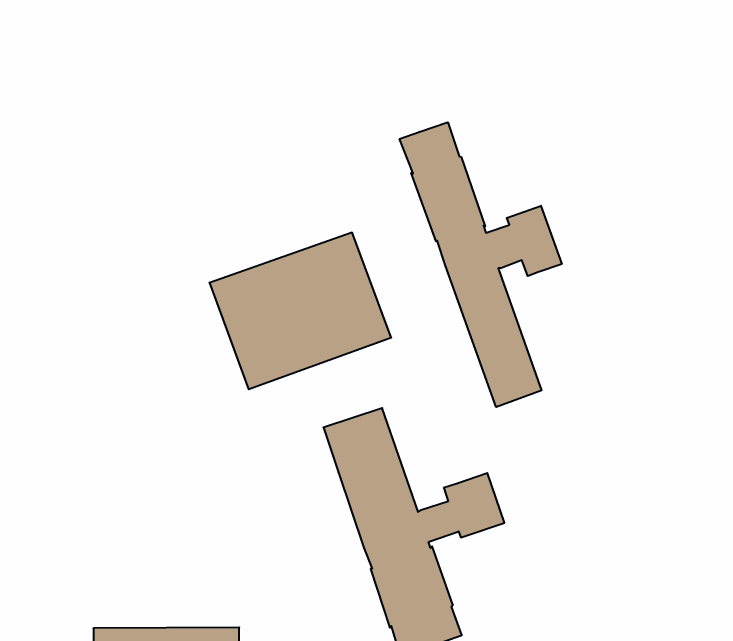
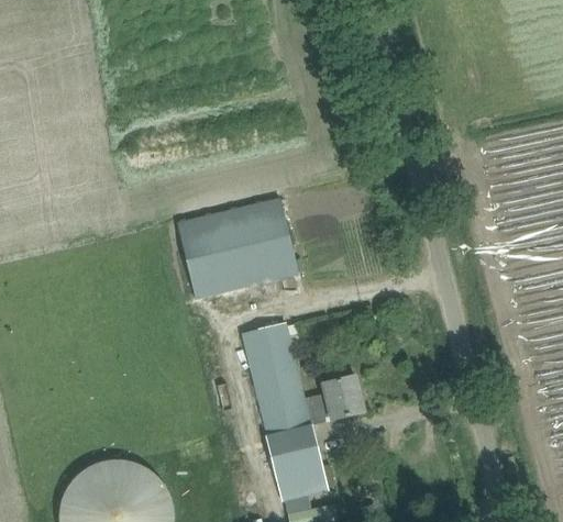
building: [400,122,562,407] -> none

